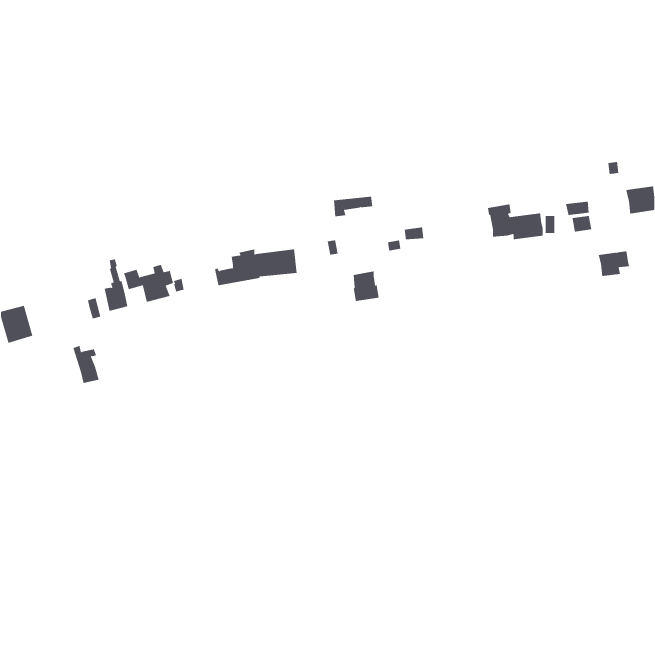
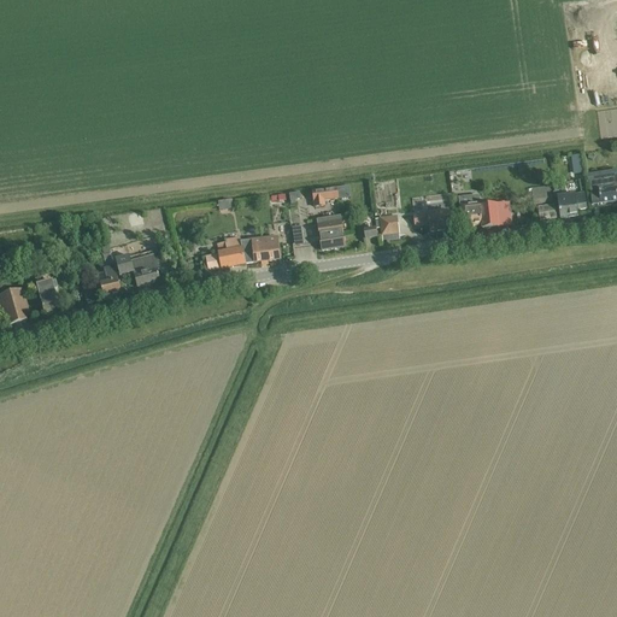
building: none -> [413,207,449,228]
building: [598,251,630,277] -> [557,190,587,215]
building: [353,271,380,302] -> [319,218,345,247]
building: [73,345,100,384] -> [35,275,60,311]

